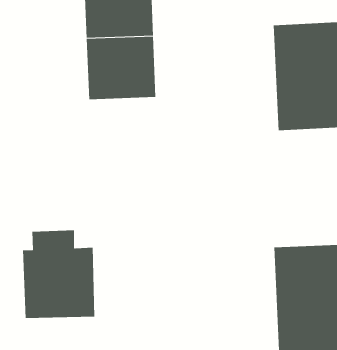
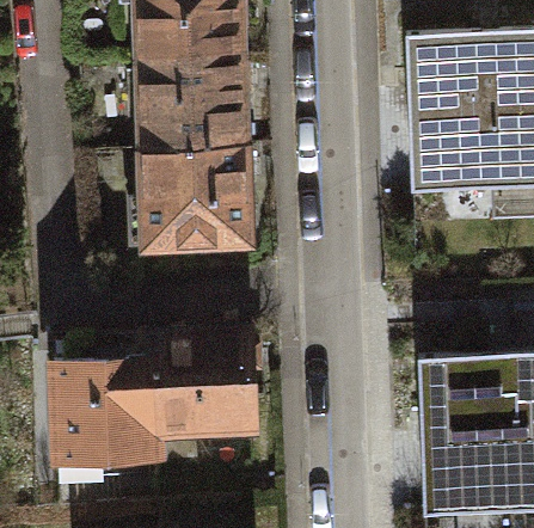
building: none -> [147,146,257,253]
building: none -> [153,332,257,459]

